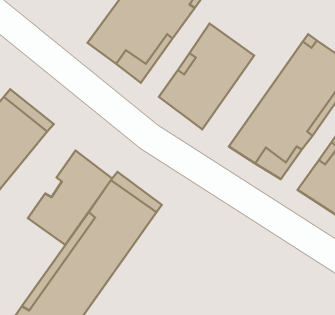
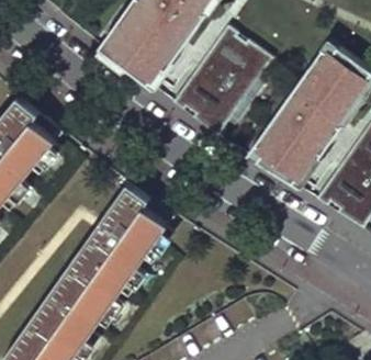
building: [28,151,112,245] -> none

